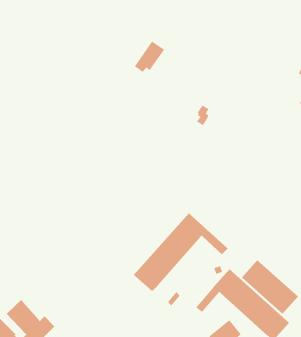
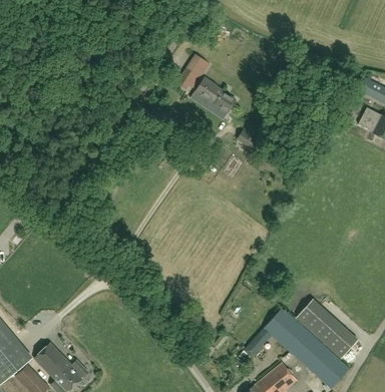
building: none -> [196,78,236,113]
building: [133,213,229,292] -> none

